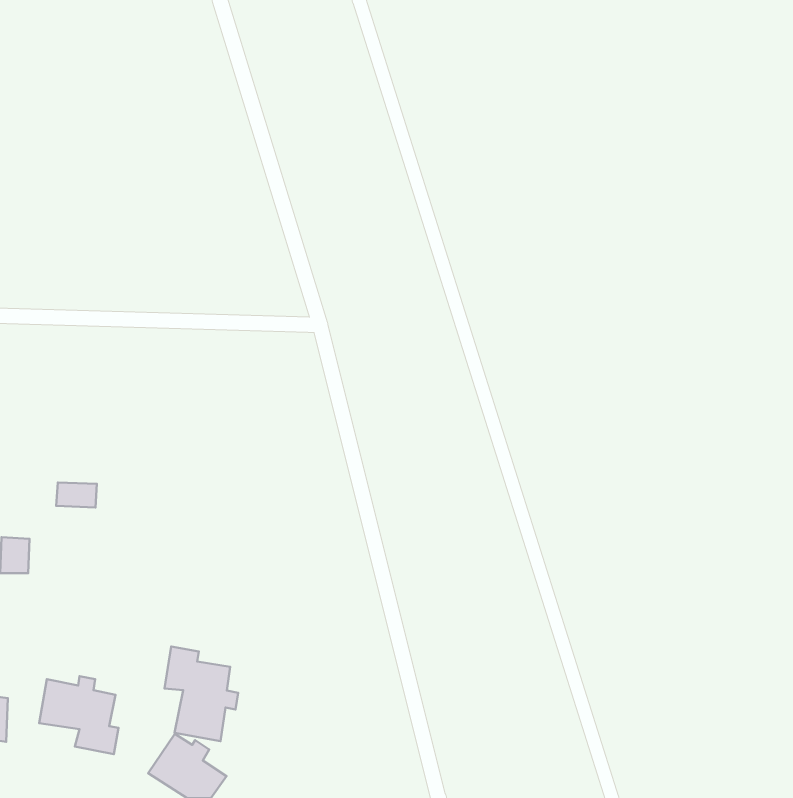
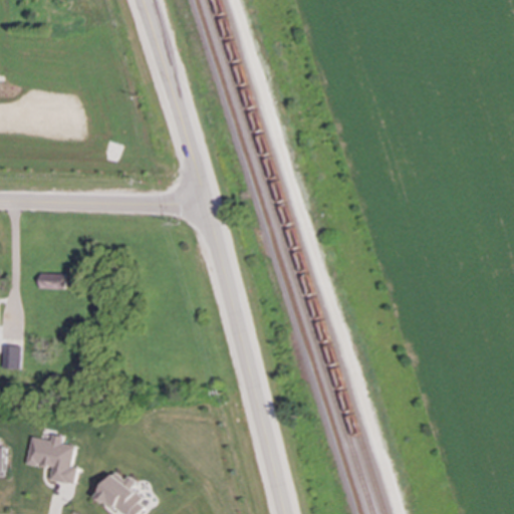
building: [56,482,97,507] -> [37,273,63,289]
building: [164,647,238,741] -> none

